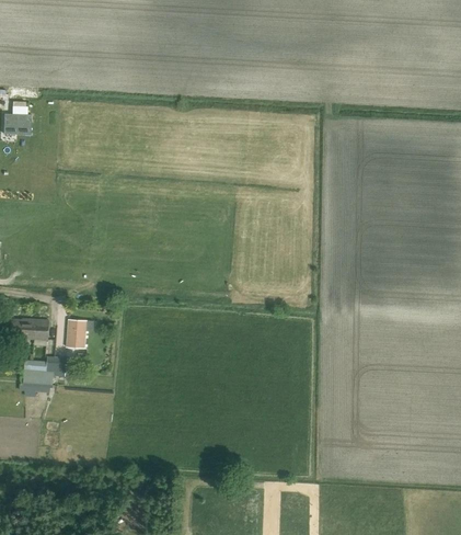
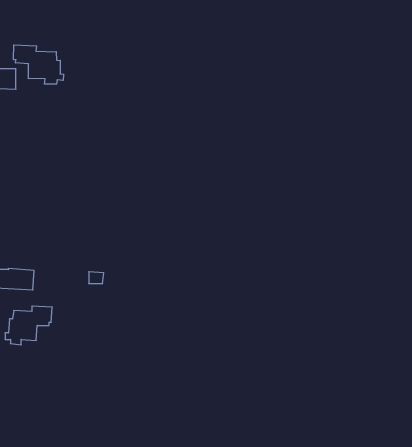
building: none -> [13,45,64,84]
building: [66,320,92,348] -> none

